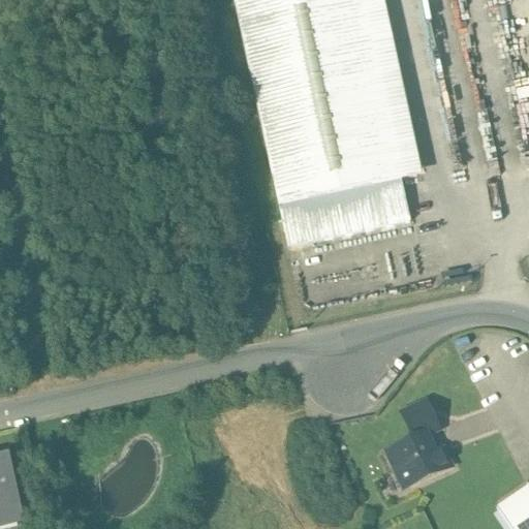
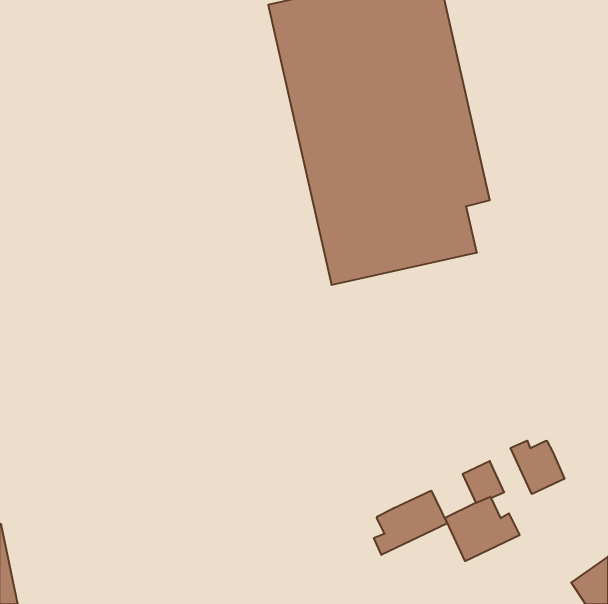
building: none -> [511,441,564,494]
building: none -> [374,491,447,555]

